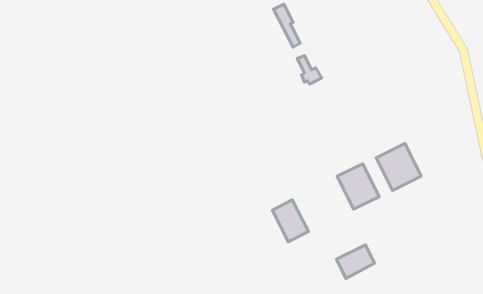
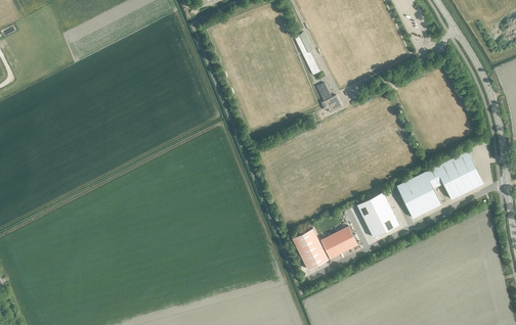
building: none -> [425,150,484,199]
building: [337,245,375,279] -> [320,226,358,260]

